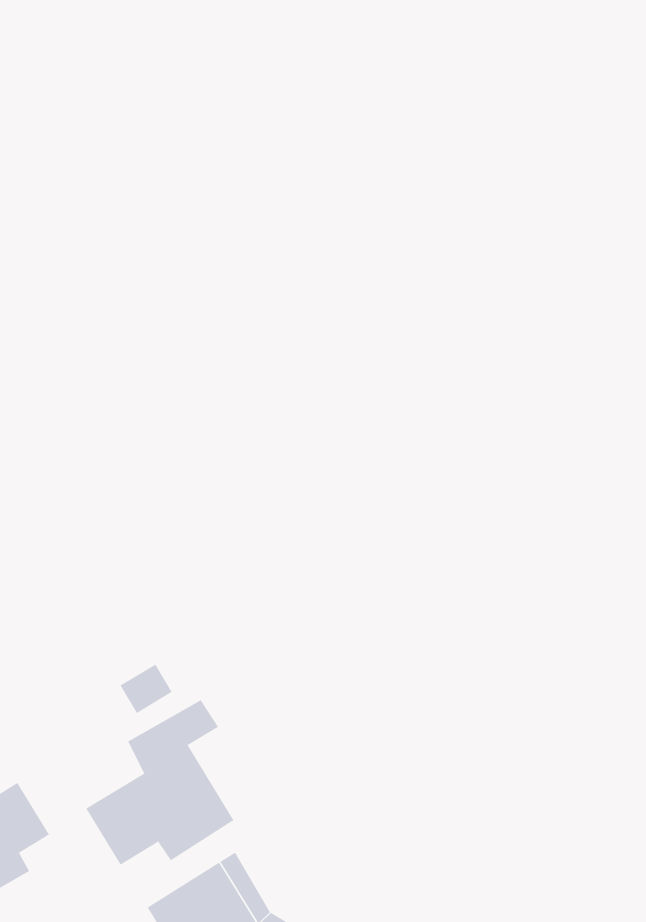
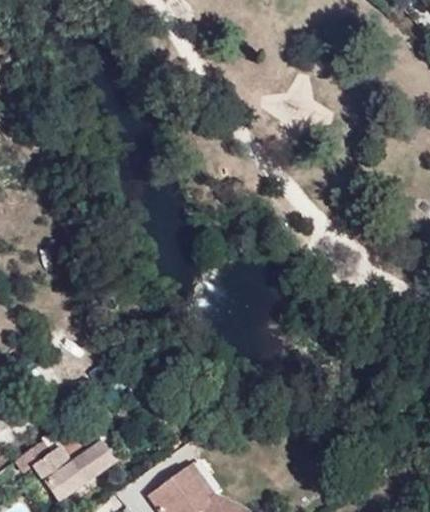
building: [85,700,234,865] -> none

